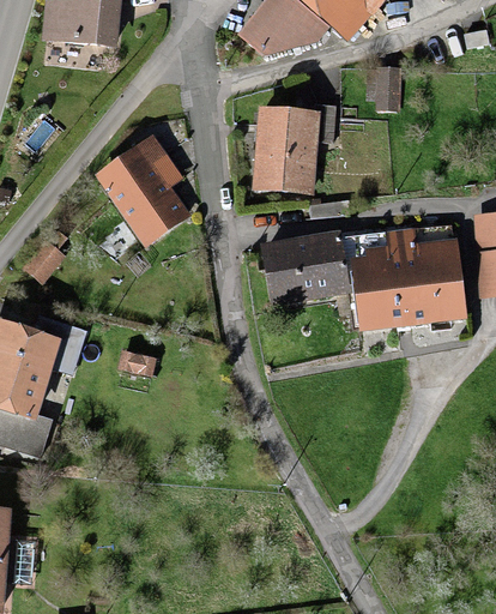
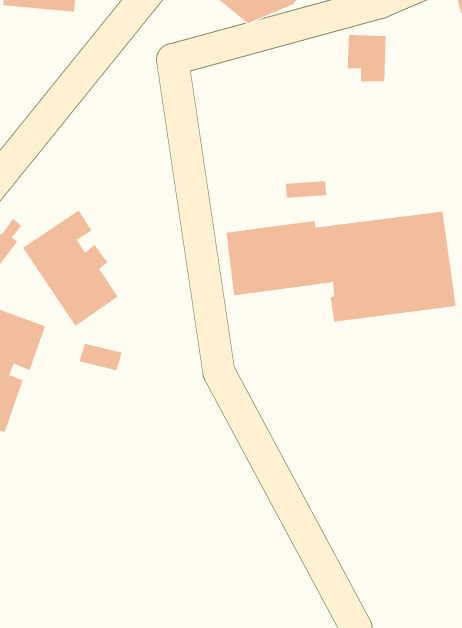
building: [254,103,329,192] -> none
building: [101,139,188,246] -> [22,209,119,327]

